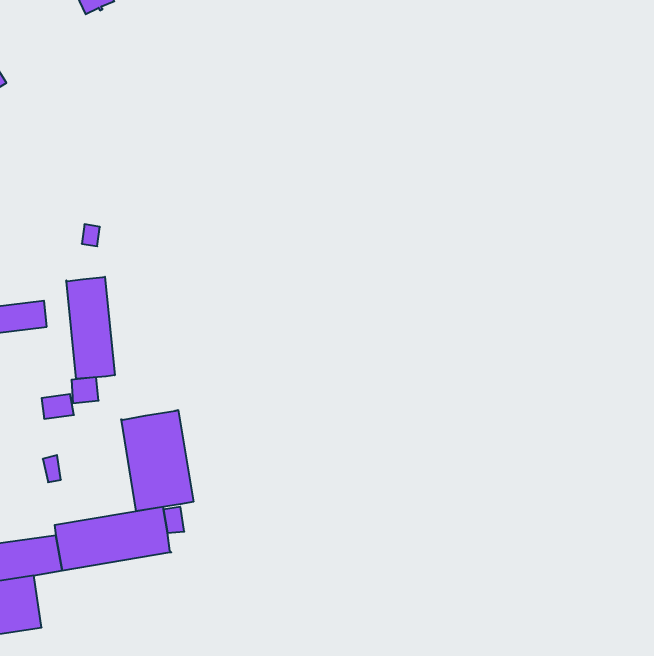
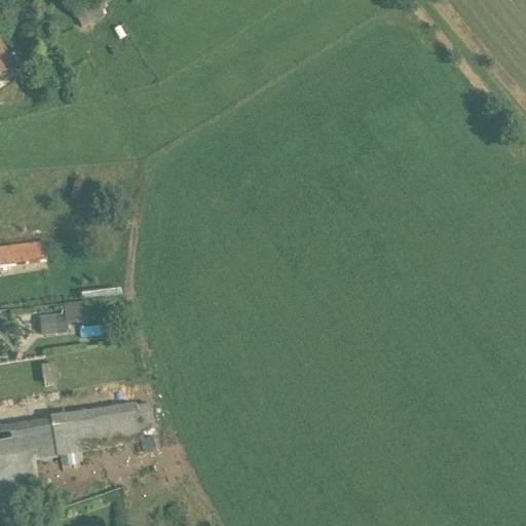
building: [66,277,115,379] -> none
building: [121,410,193,511] -> none

